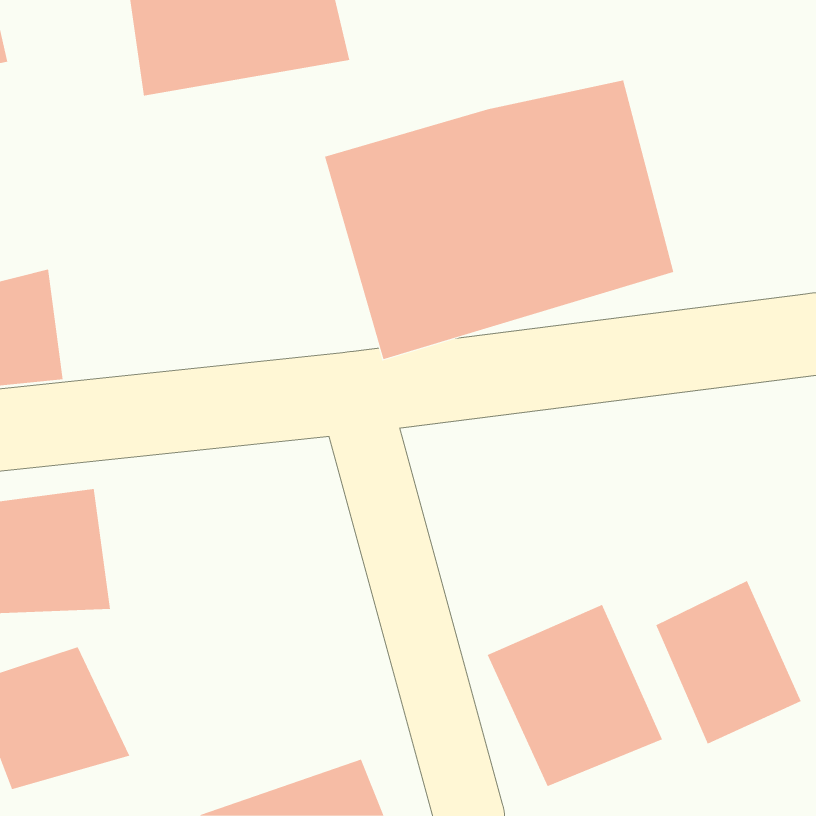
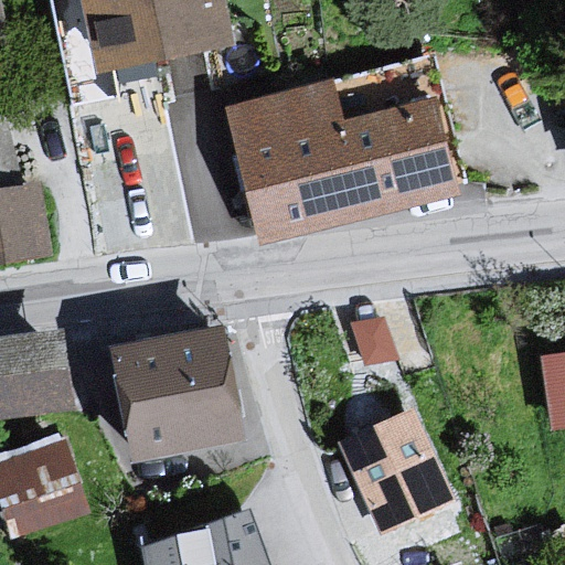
building: none -> [113,334,249,466]
building: [656,580,801,744] -> none

